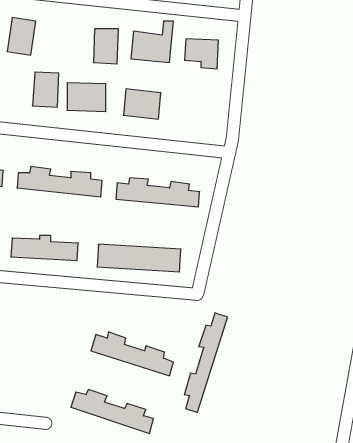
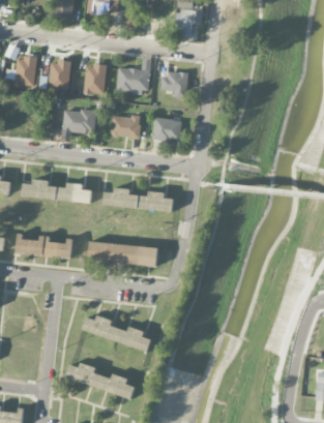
building: [32,72,59,107] -> [49,61,70,90]
building: none -> [152,118,182,142]
building: [185,313,227,413] -> none

